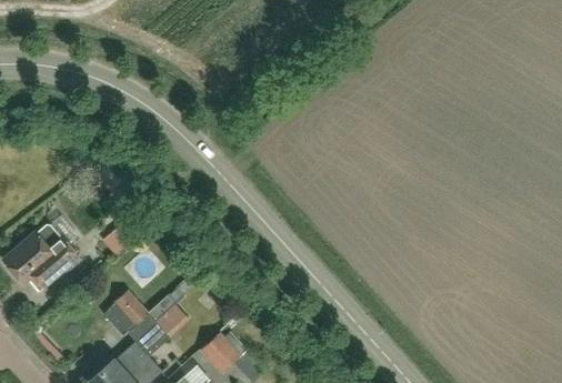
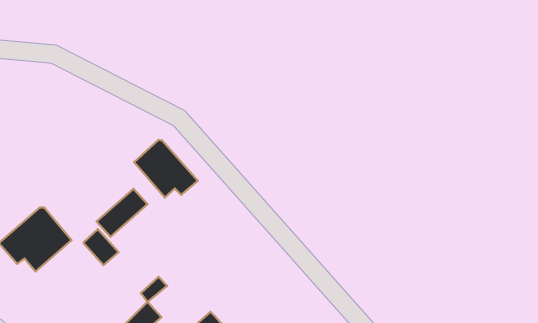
building: none -> [134,140,198,198]
building: [113,291,149,327] -> [84,229,119,265]

